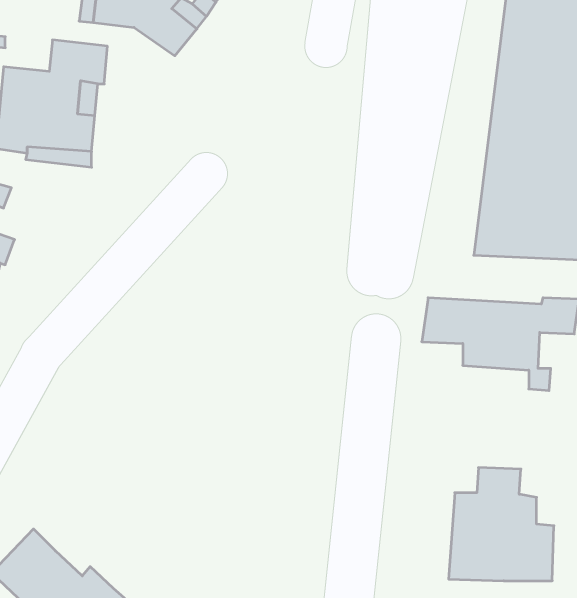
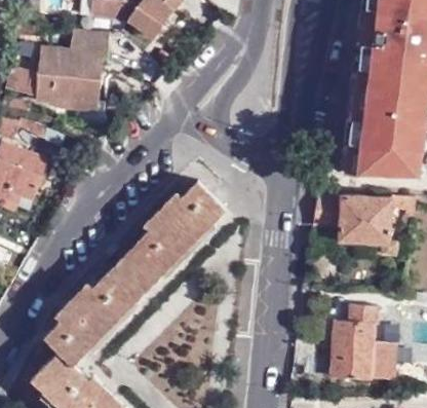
building: none -> [43,181,229,363]

